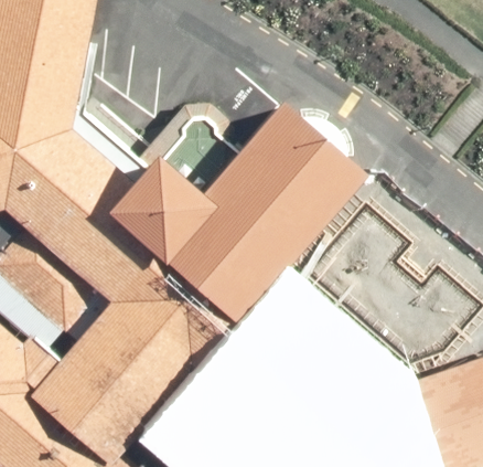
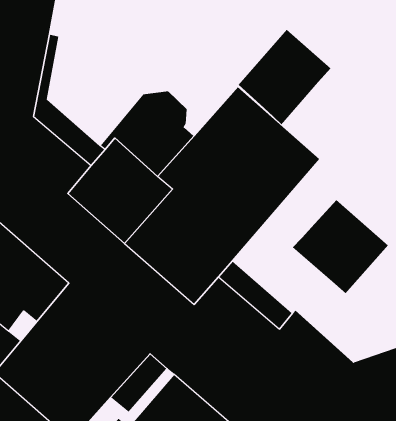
building: none -> [238,29,332,125]
building: none -> [292,199,389,294]

